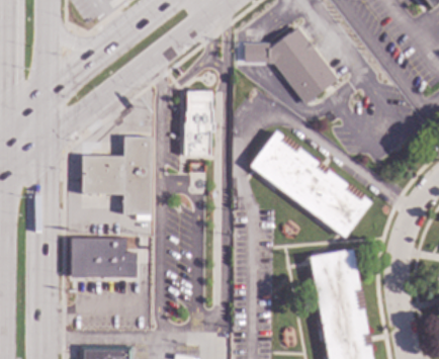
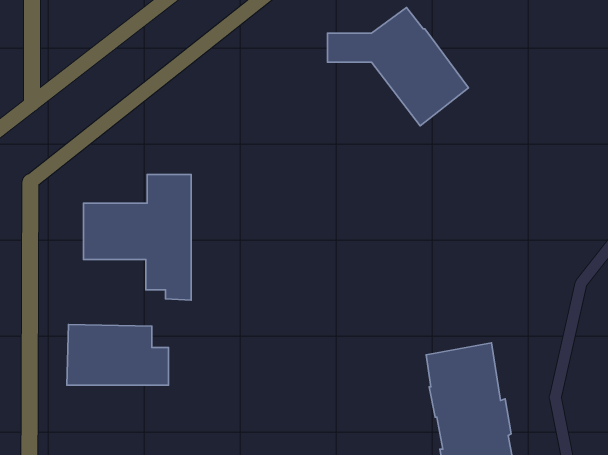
building: [183,93,212,156] -> none
building: [250,130,371,238] -> none

